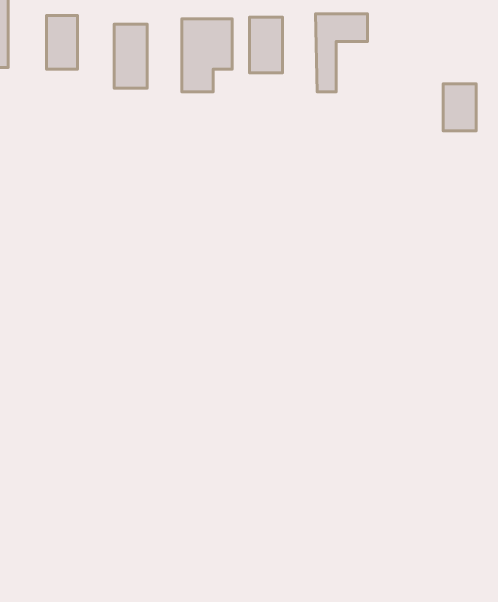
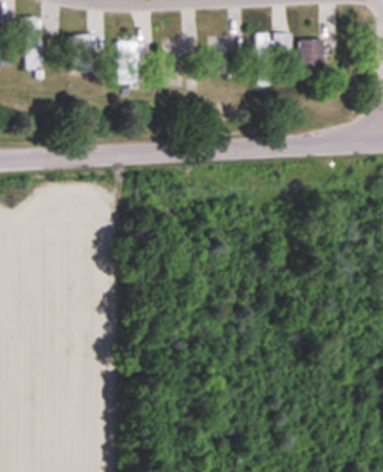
building: [443,84,476,131] -> [300,37,323,69]

